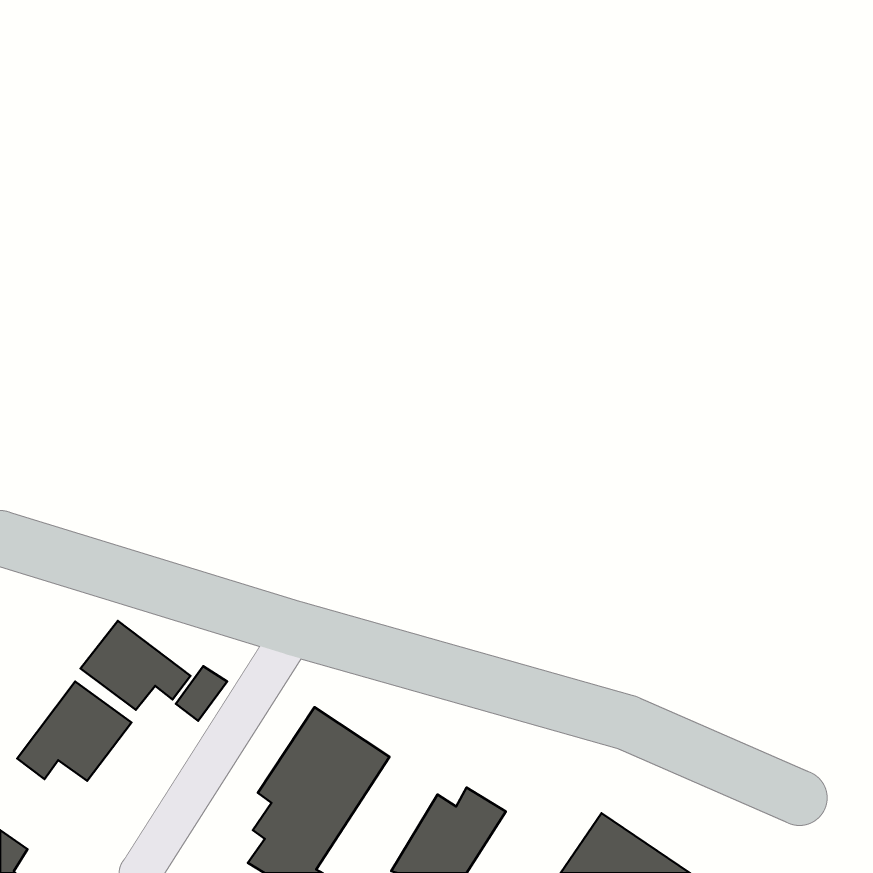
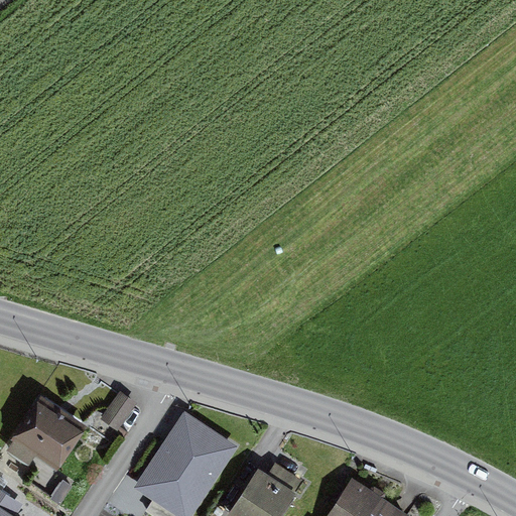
building: [80,621,190,710] -> none

